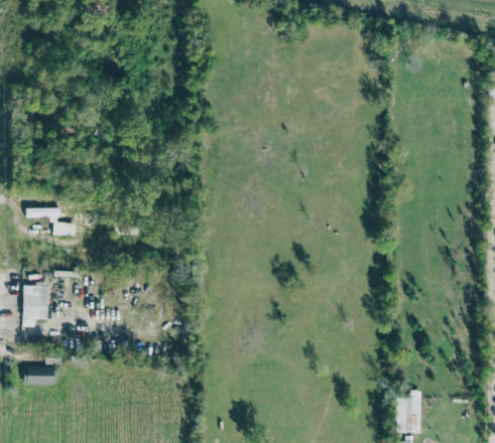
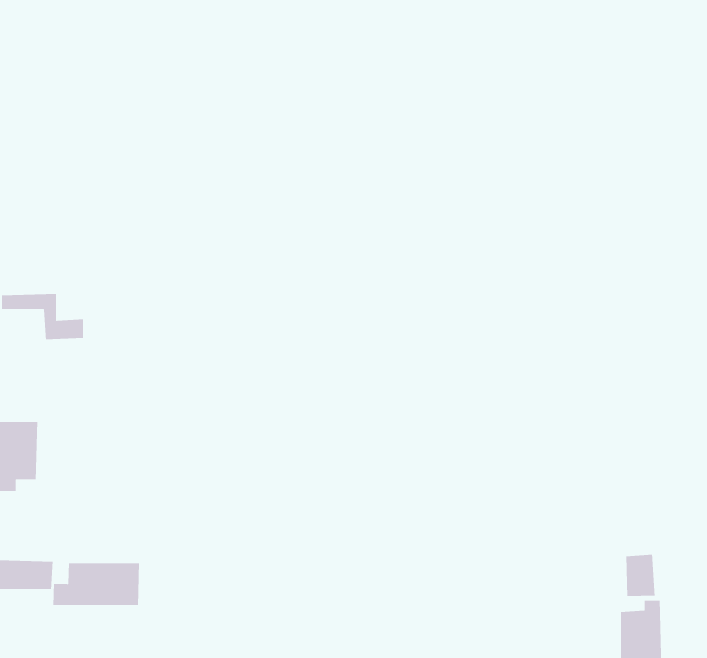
building: none -> [625,554,656,597]
building: none -> [53,563,140,606]

